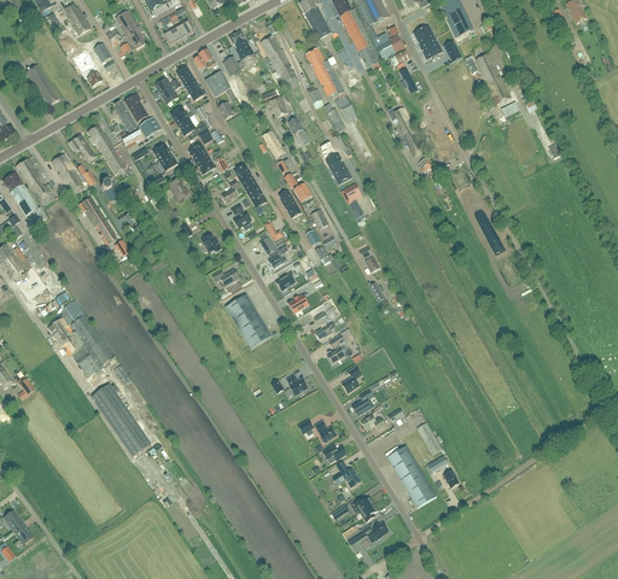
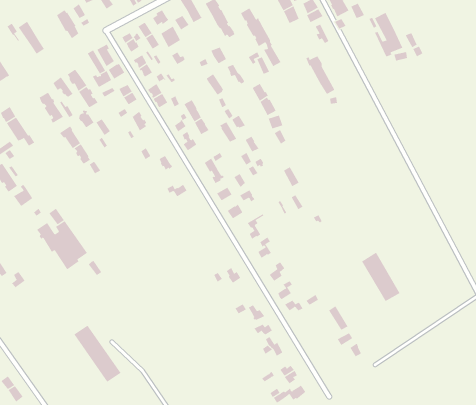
building: [14,157,53,204] -> none
building: [225,293,270,347] -> none
building: [89,382,150,455] -> [73,325,121,382]
building: [386,444,436,507] -> [361,252,400,302]

